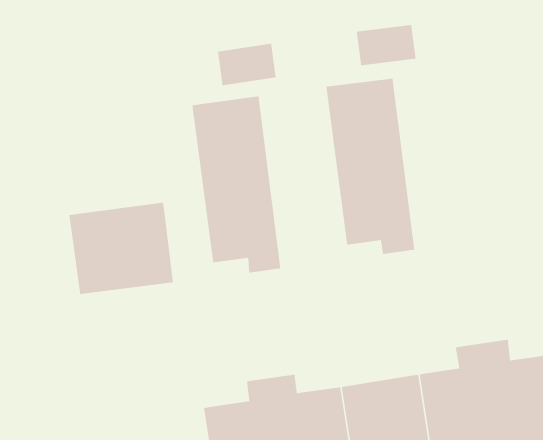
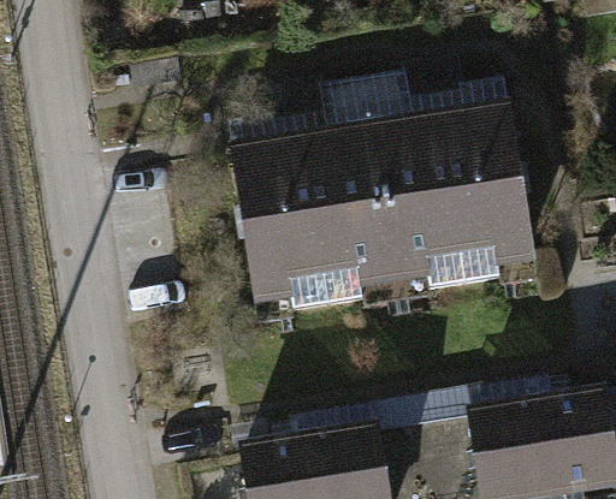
building: none -> [443,97,533,285]
building: none -> [304,115,395,304]
building: [68,202,174,295] -> none

